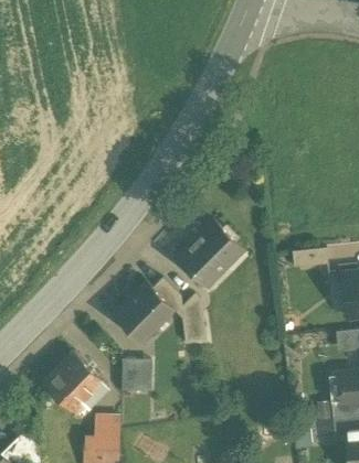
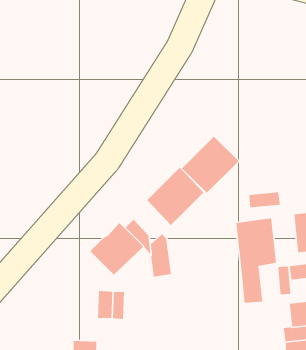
building: none -> [181,136,239,194]
building: none -> [235,218,291,304]
building: [44,354,103,411] -> none

